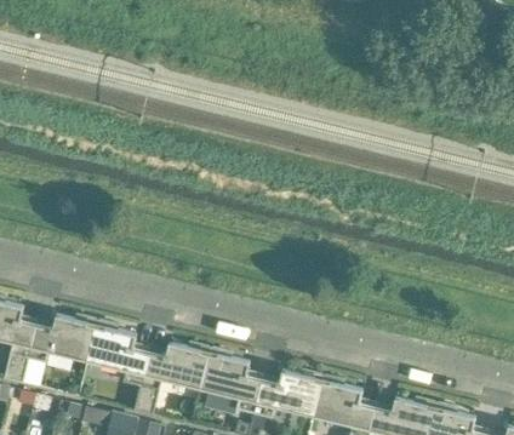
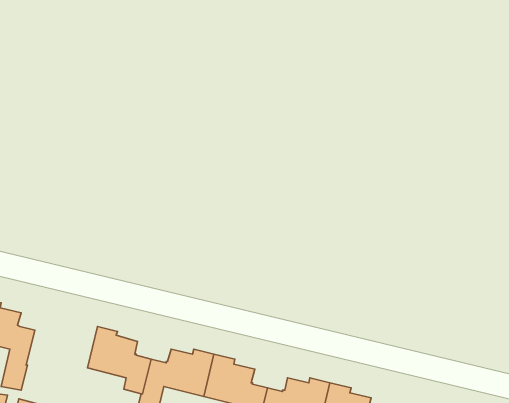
building: [28,314,97,362] -> none

